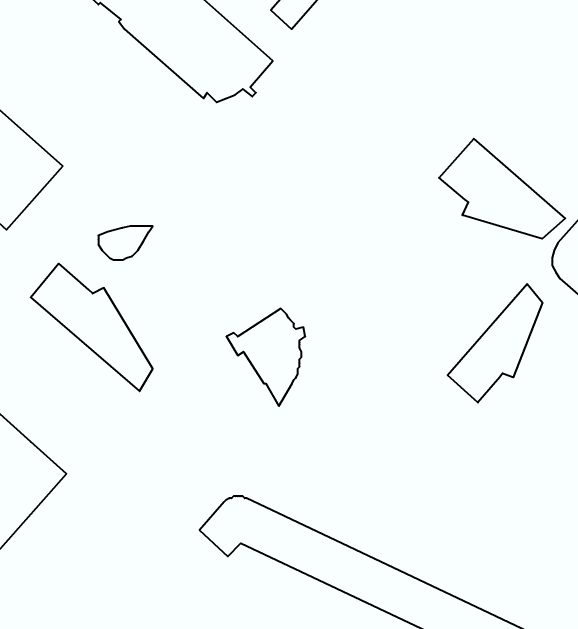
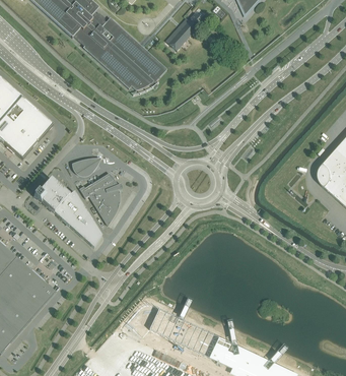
building: [439,139,565,239] -> none
building: [448,284,542,403] -> none
building: [226,309,305,406] -> [79,172,122,225]

